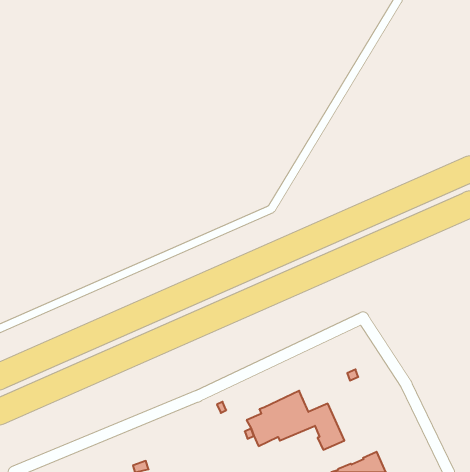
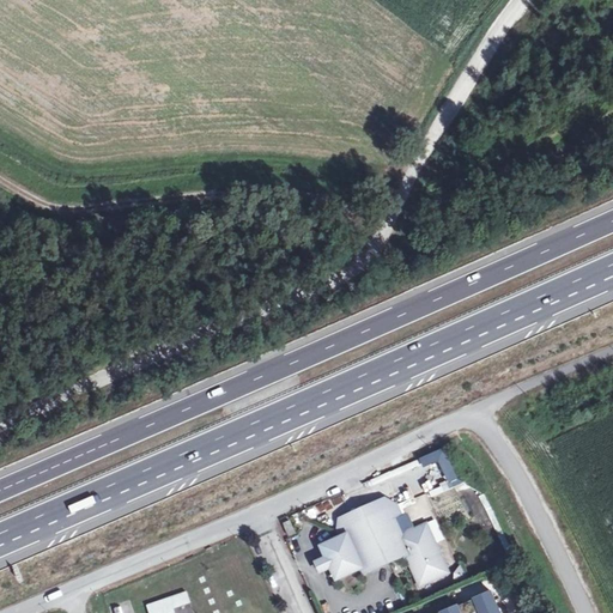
building: none -> [339,497,400,528]

